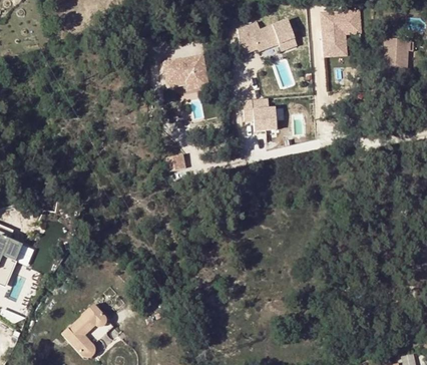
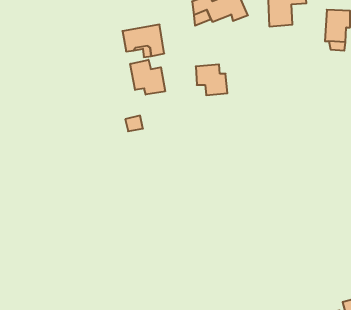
building: none -> [130,60,165,95]
building: [61,305,112,358] -> none

